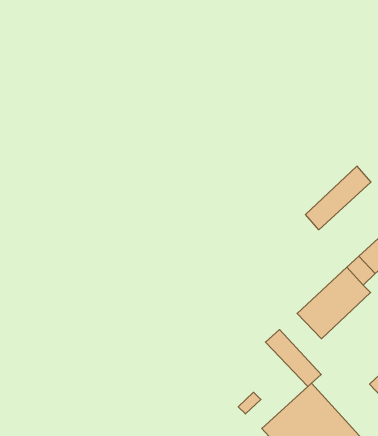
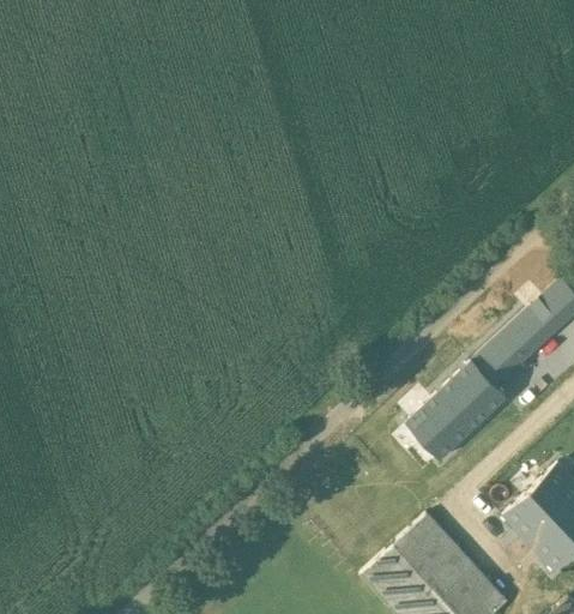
building: [305,166,371,230] -> none
building: [265,330,321,386] -> none

